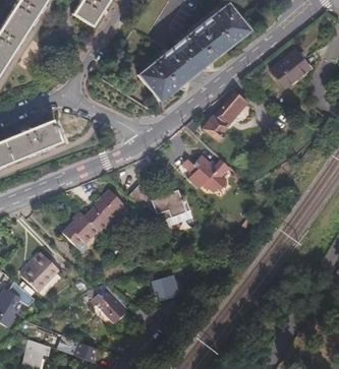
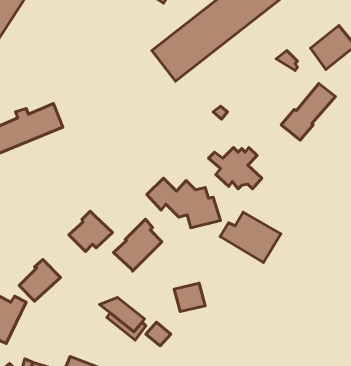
building: [204,95,250,143] -> [281,83,336,140]
building: [88,188,129,233] -> [113,219,162,271]
building: none -> [220,212,281,262]

